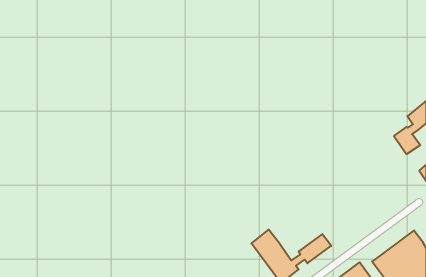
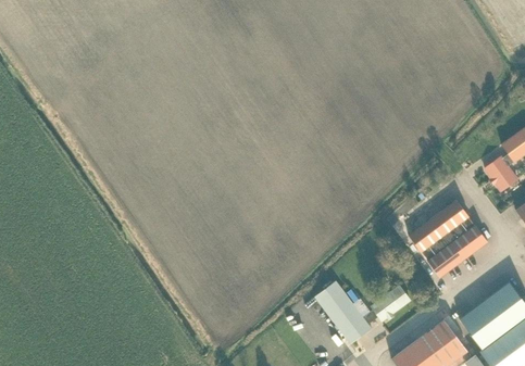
building: none -> [408,200,487,277]

